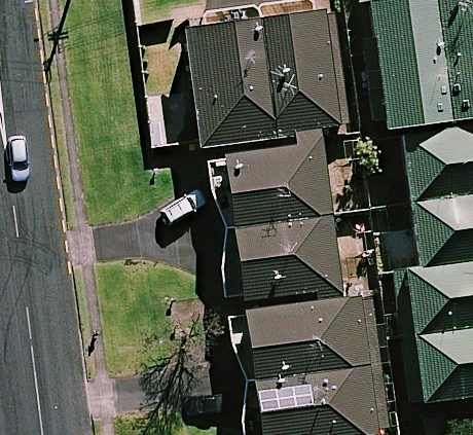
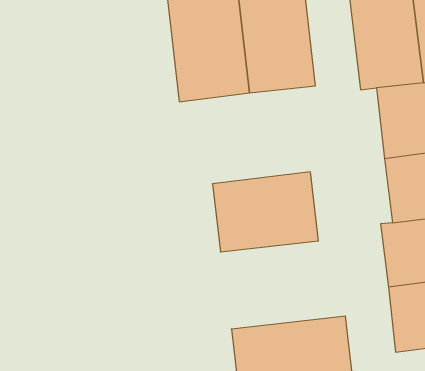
building: [225,143,335,228] -> none
building: [246,295,371,377] -> none

